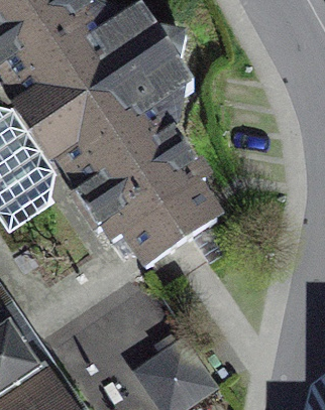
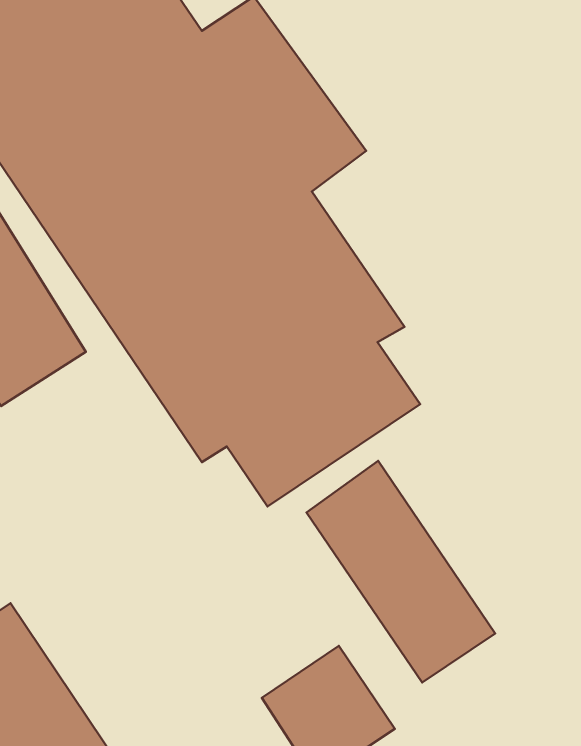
building: none -> [307,461,495,683]

